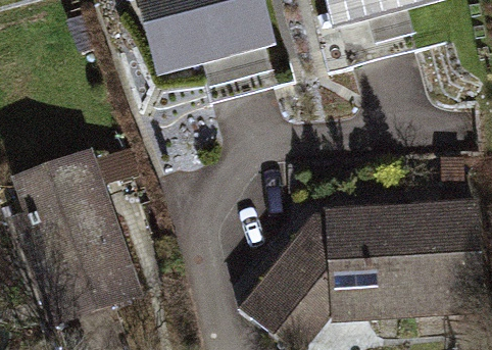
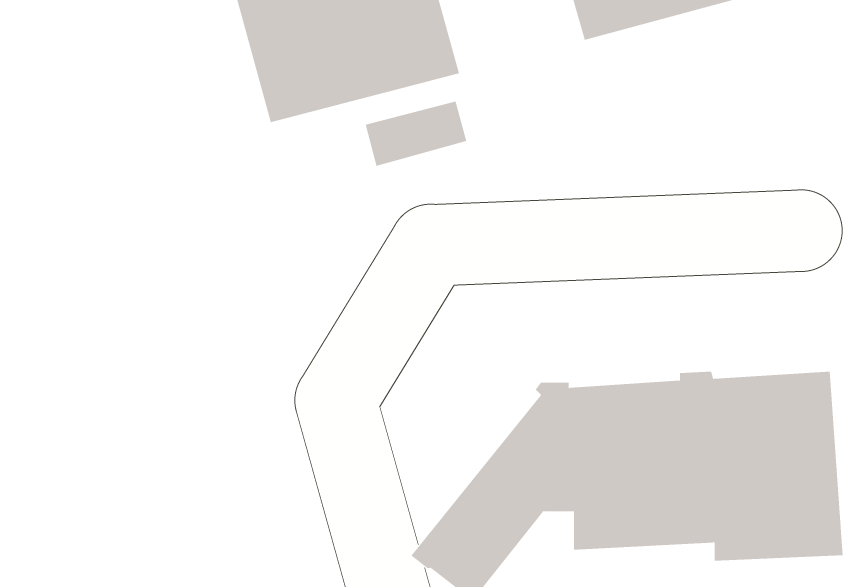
building: [23,157,138,323] -> none

